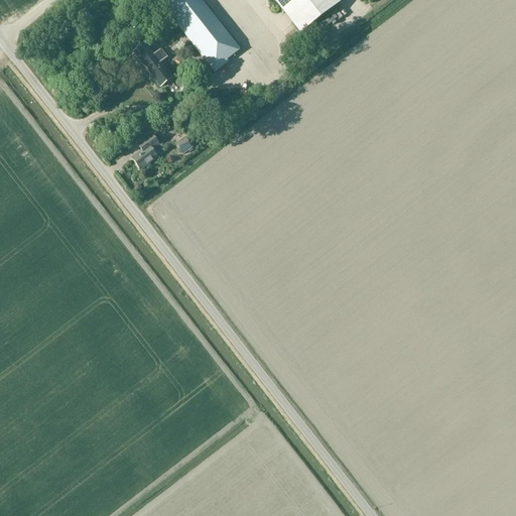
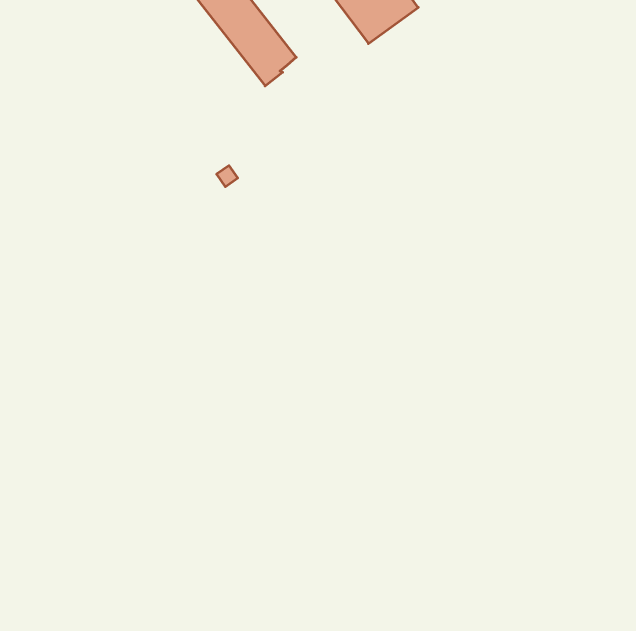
building: [132,39,173,85] -> none
building: [132,132,159,166] -> none

